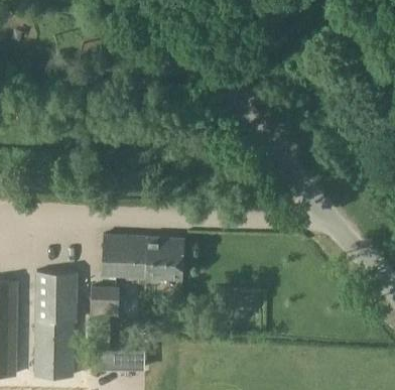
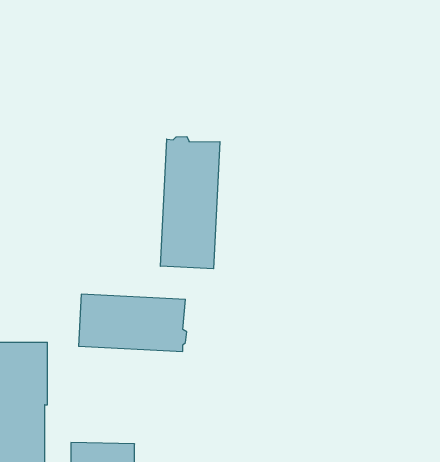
building: none -> [160,137,220,269]
building: [92,286,120,314] -> none

